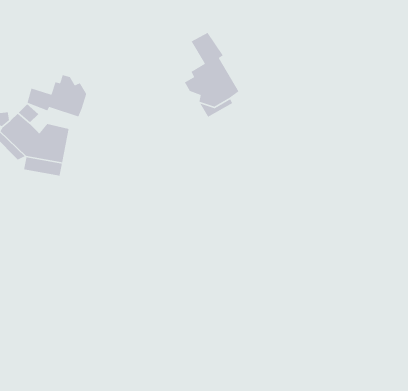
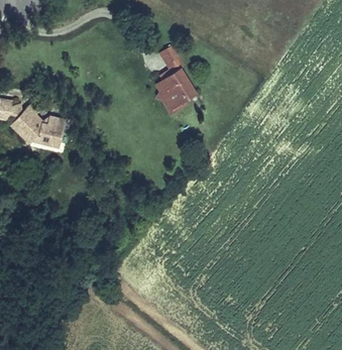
building: [26,74,87,118] -> none

